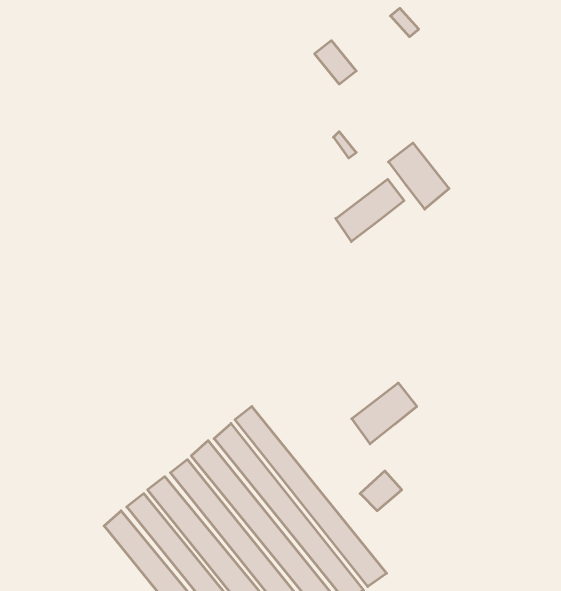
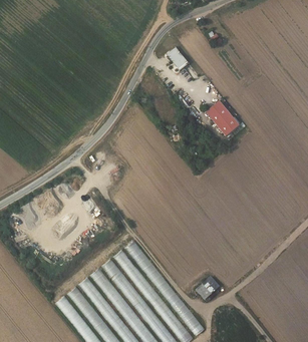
building: [336,179,404,242] -> none
building: [352,383,417,444] -> none

